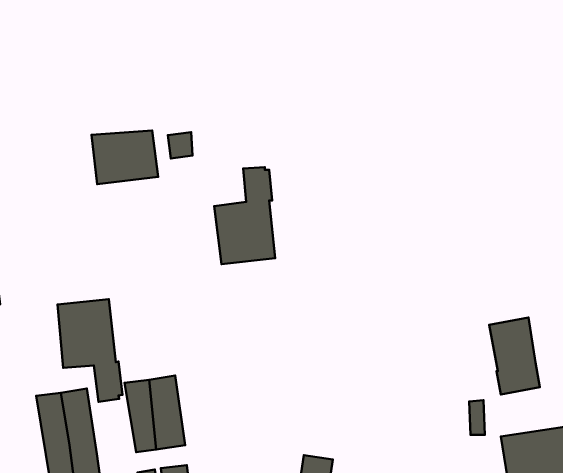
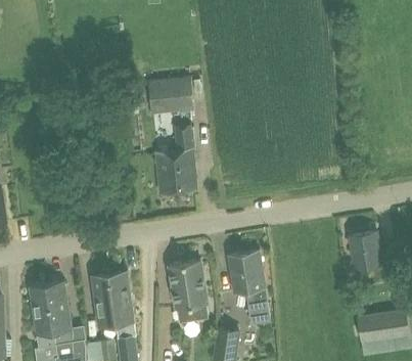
building: [91,131,158,184] -> [147,78,194,116]
building: [57,299,123,402] -> none
building: none -> [228,252,268,306]
building: none -> [169,261,208,321]

